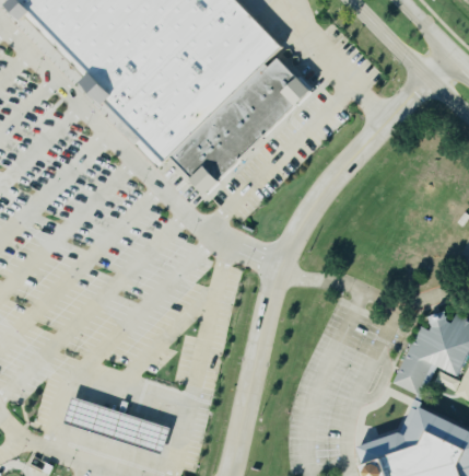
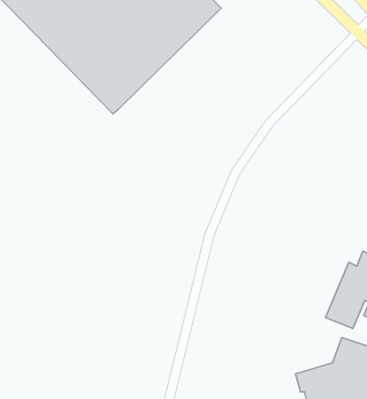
building: [169,50,314,194] -> none
building: [63,395,168,453] -> none

